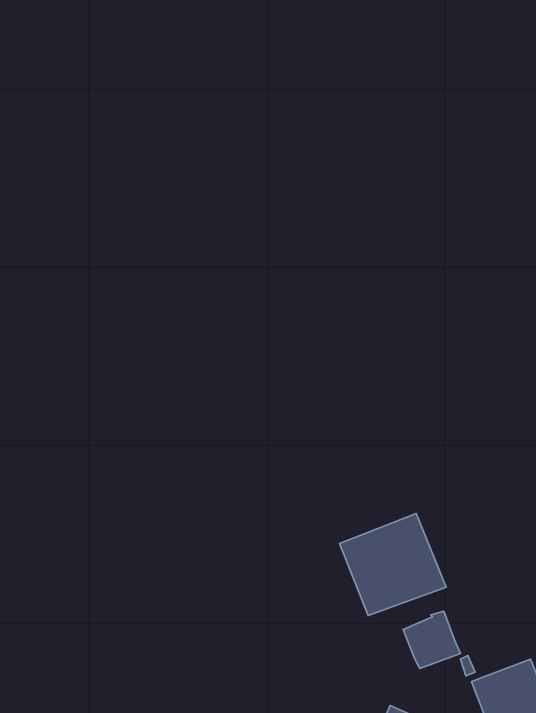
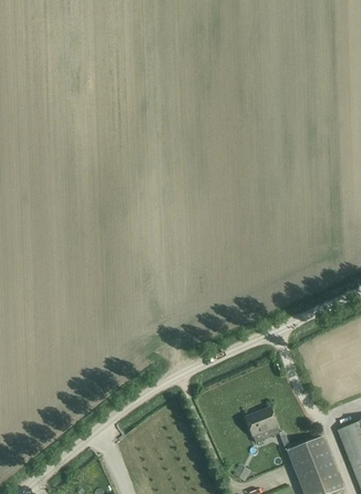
building: [340,514,446,615] -> none

